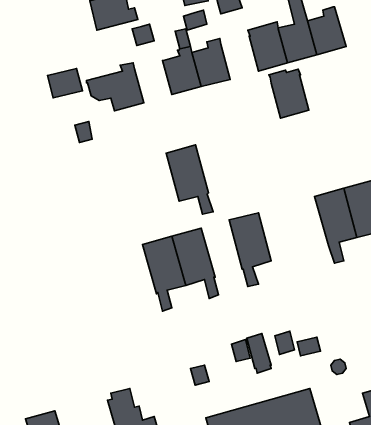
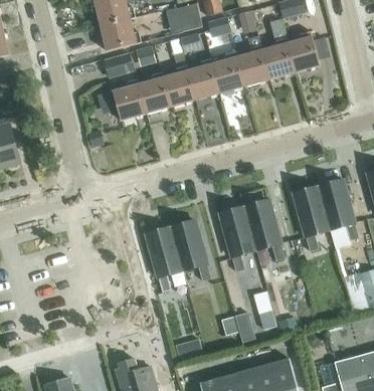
building: none -> [138,72,170,114]
building: [47,69,82,98] -> [103,53,133,78]
building: [269,69,309,118] -> [210,51,244,93]
building: [166,145,213,214] -> [244,201,285,260]

